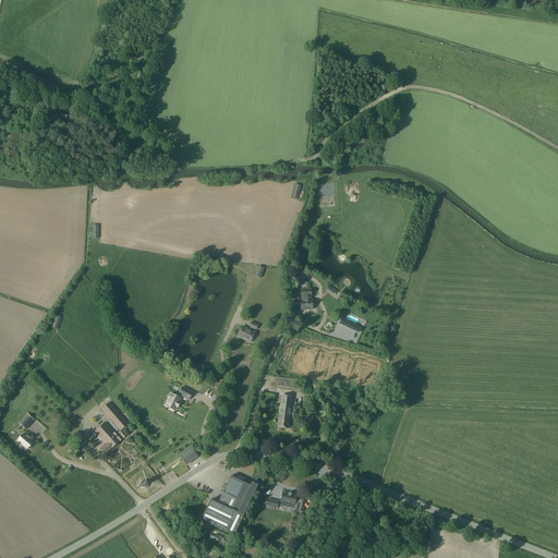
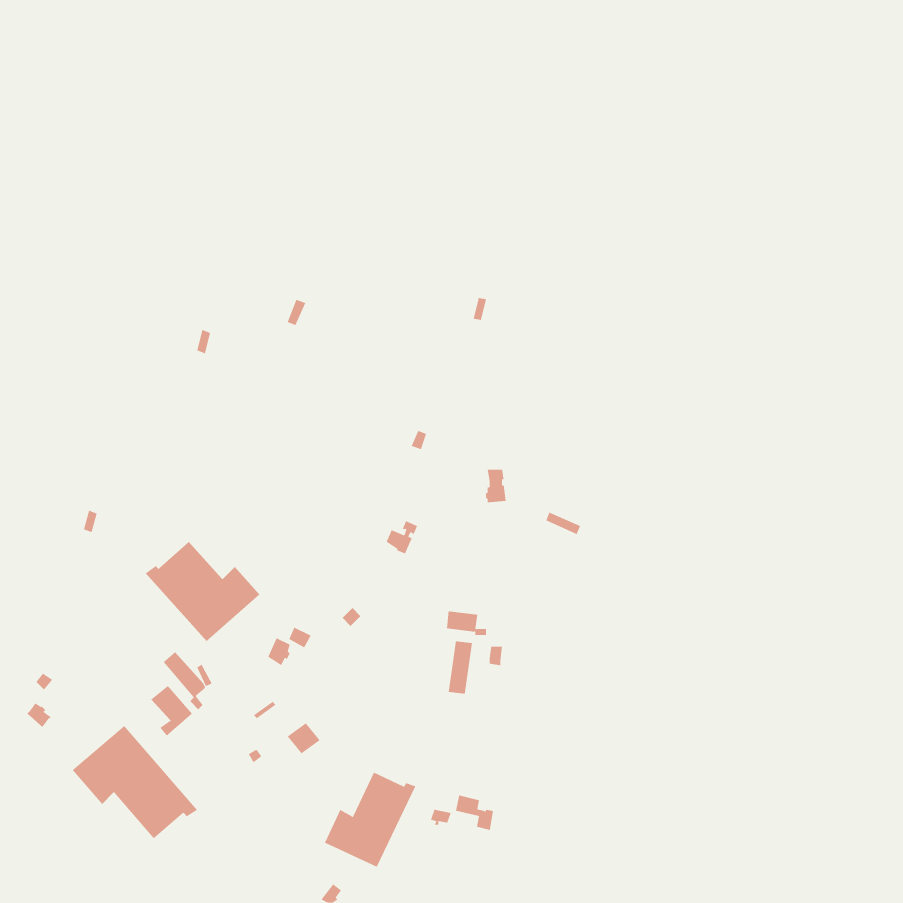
building: none -> [145,541,260,642]
building: none -> [72,725,198,839]

